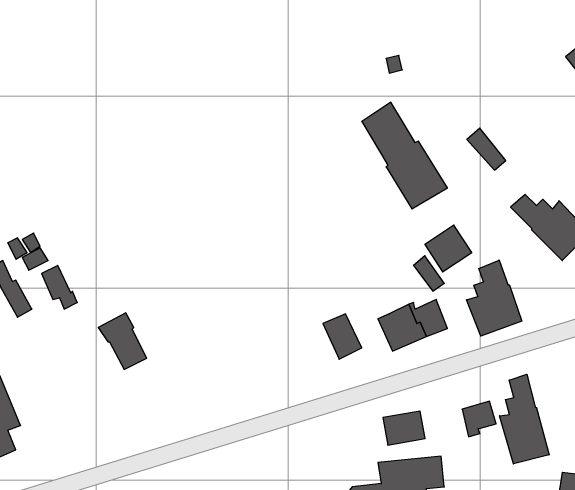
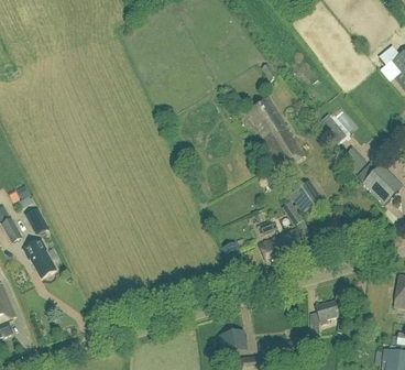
building: [467,260,522,336] -> none
building: [98,313,147,369] -> [23,238,56,276]
building: [500,374,549,464] -> none
building: [383,411,425,445] -> [219,329,248,352]

